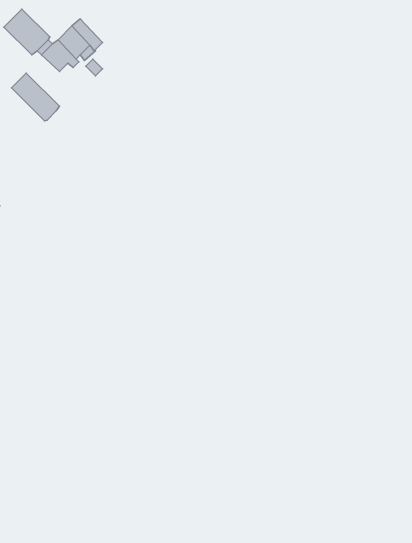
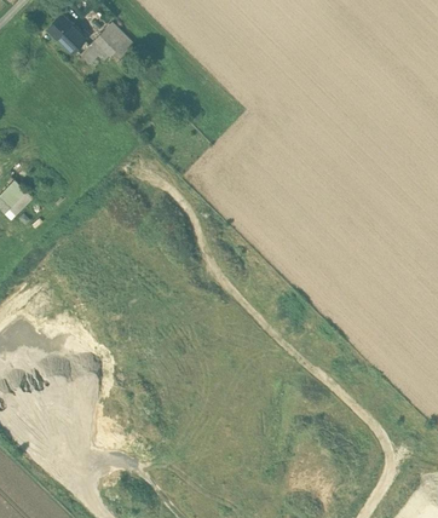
building: [11,73,59,121] -> none

